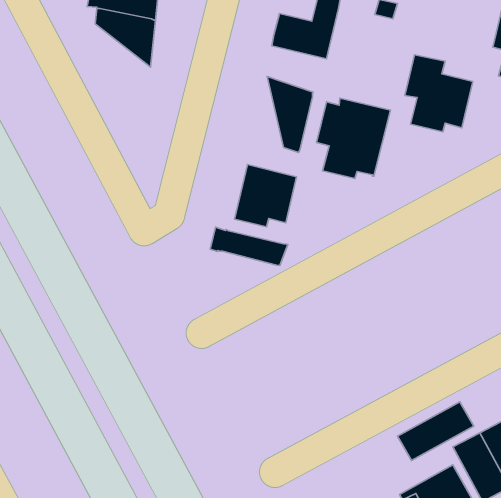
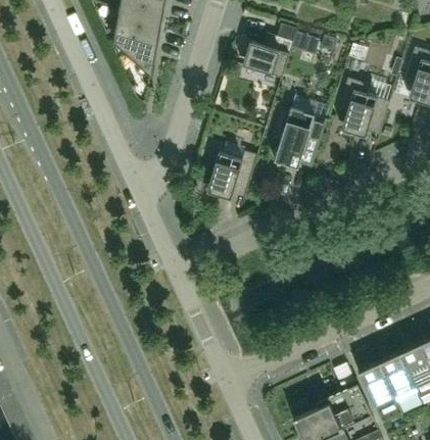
building: [267,77,313,153] -> none
building: [210,227,288,266] -> none
building: [398,402,474,461] -> none

